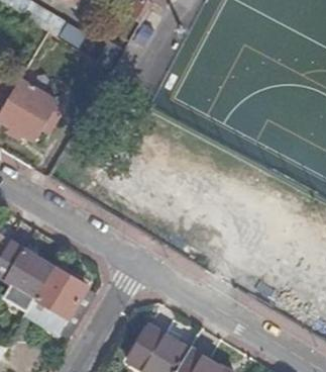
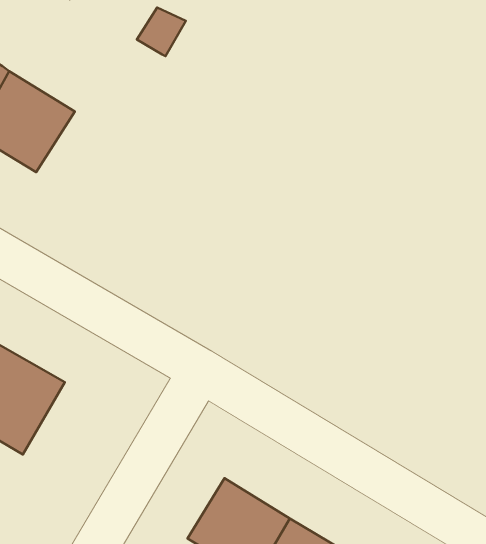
building: [25,266,94,334] -> none

